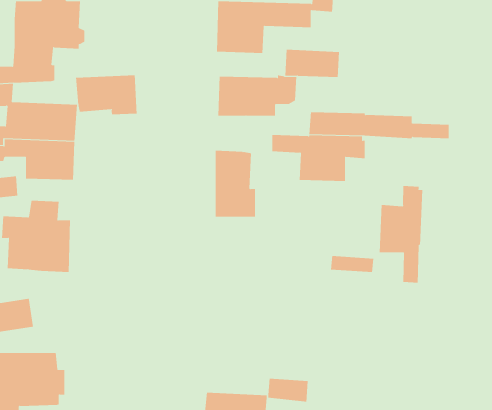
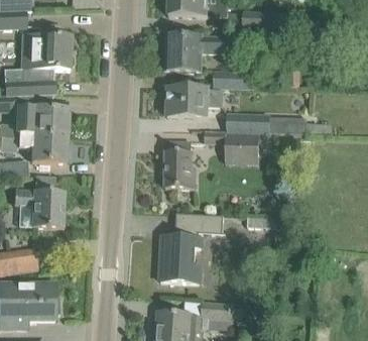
building: [75,74,137,115] -> none
building: [379,185,423,284] -> none
building: none -> [162,213,226,285]

